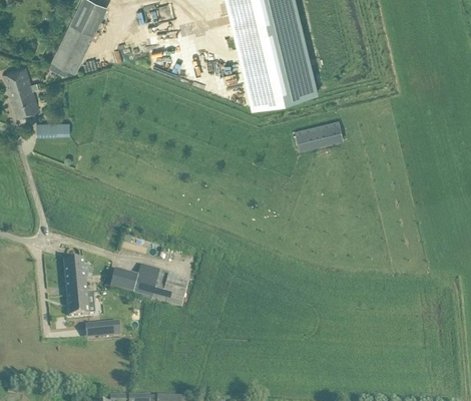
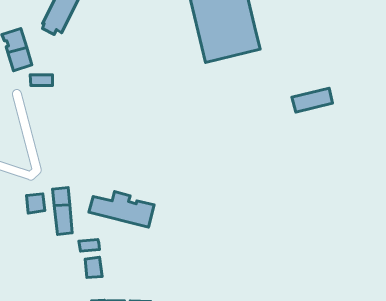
building: [294,120,343,149] -> [292,88,332,112]
building: none -> [26,194,45,213]
building: none -> [85,257,102,278]

